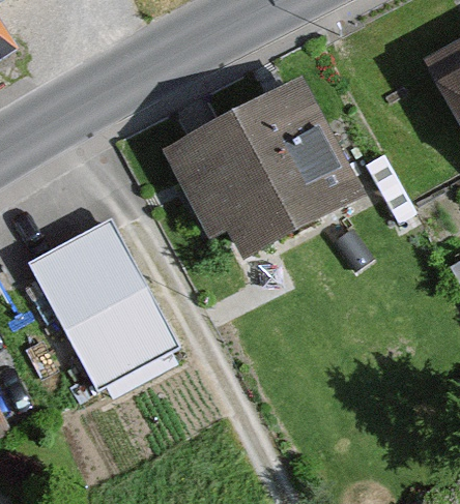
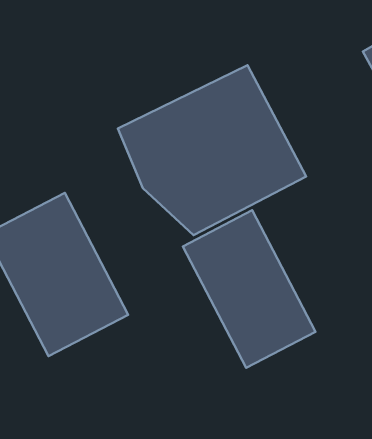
building: none -> [183,210,315,368]

